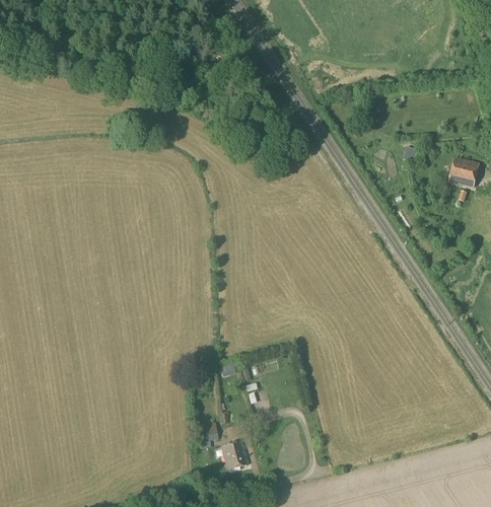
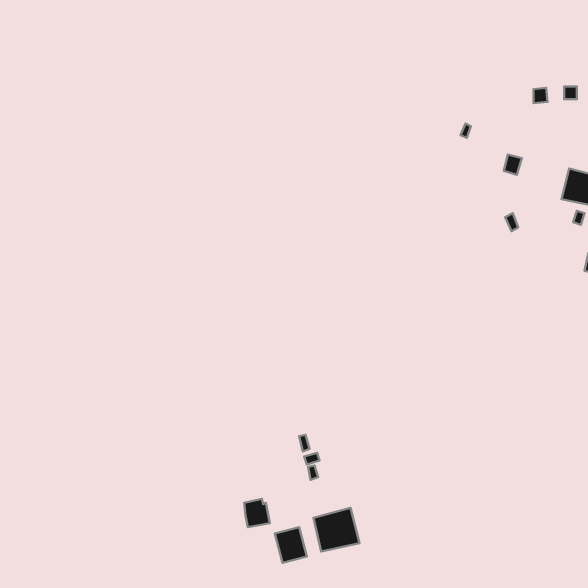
building: none -> [314,508,360,552]

